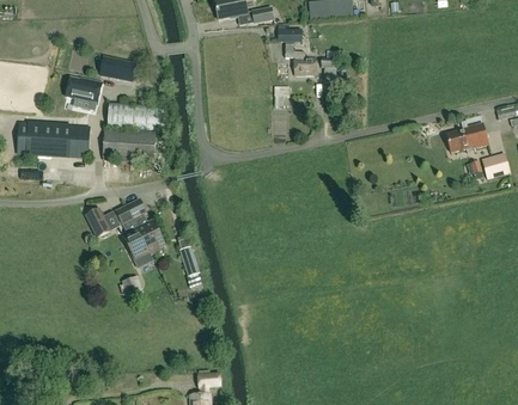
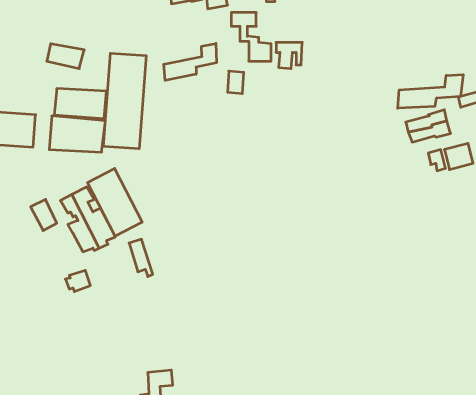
building: none -> [164,43,216,80]
building: none -> [103,53,146,149]
building: [67,78,103,104] -> none
building: none -> [398,75,463,108]
building: none -> [88,168,142,236]

